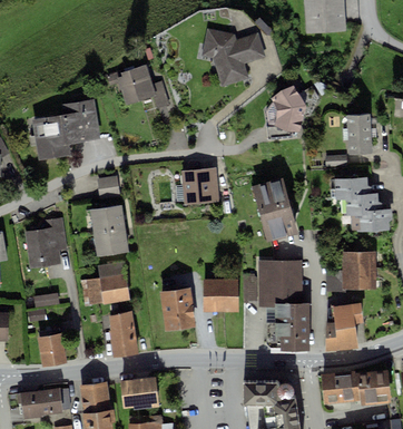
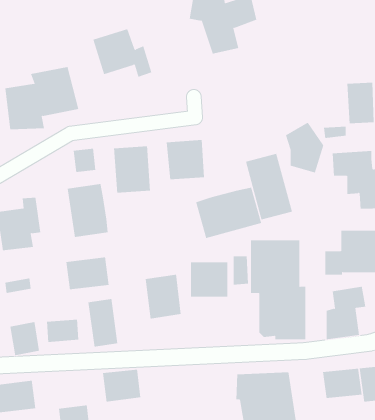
building: [272,86,307,133] -> [285,122,324,173]
building: none -> [114,145,150,193]
building: none -> [195,187,262,239]
building: [80,384,110,406] -> [46,319,79,342]

